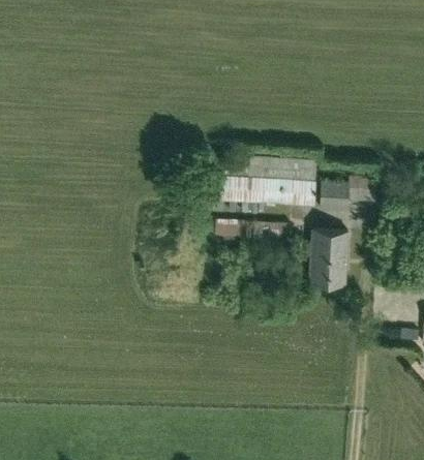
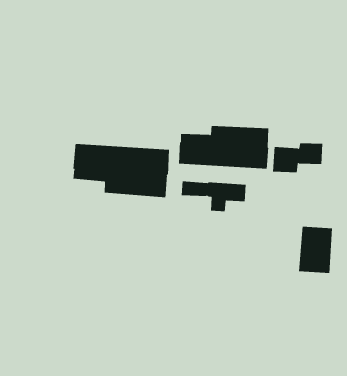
building: none -> [73,143,169,198]
building: [308,231,347,284] -> [298,226,333,273]

